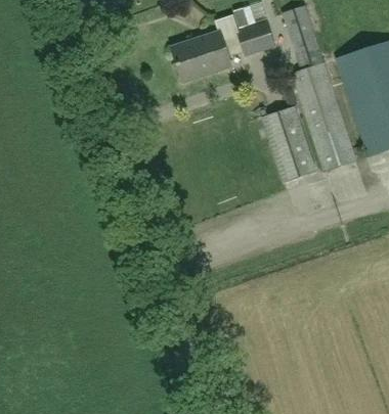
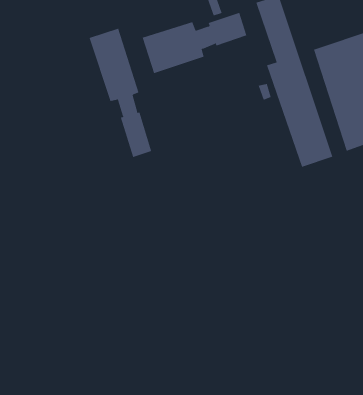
building: none -> [89,28,152,158]
building: [260,107,313,183] -> none

